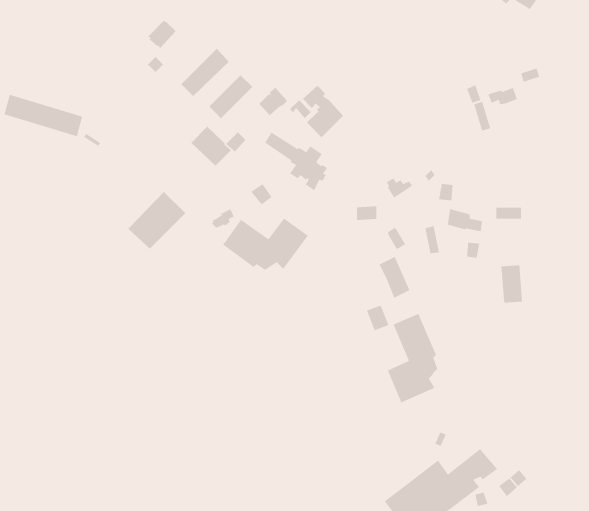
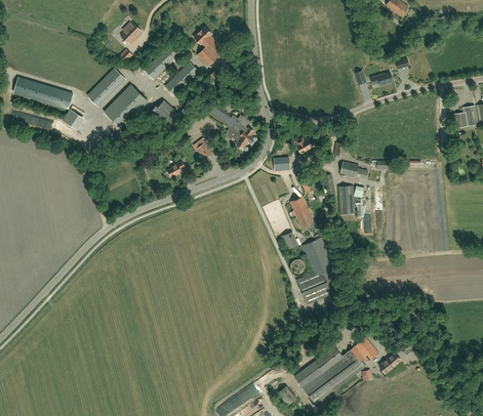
building: none -> [88,70,126,108]
building: [302,85,344,138] -> [194,28,225,67]
building: [128,191,186,250] -> [105,85,148,128]
building: [222,218,309,271] -> none
building: [501,264,523,303] -> [337,185,354,214]

